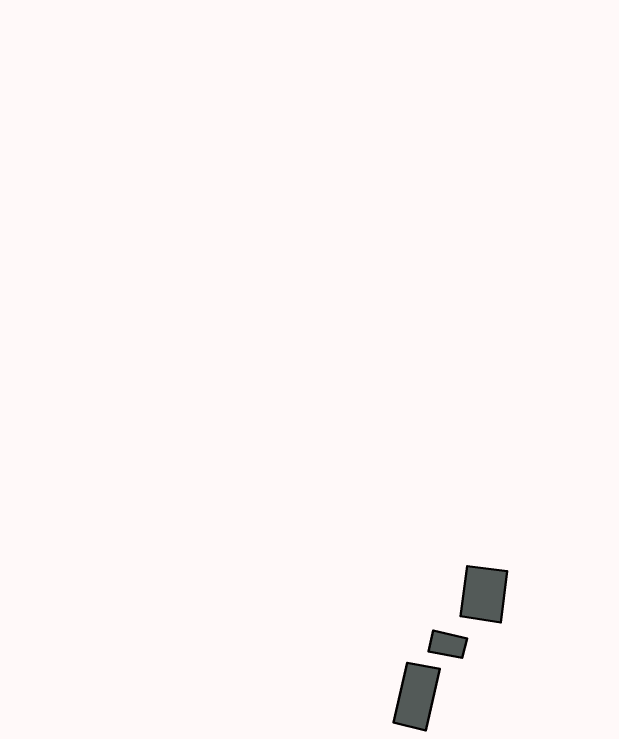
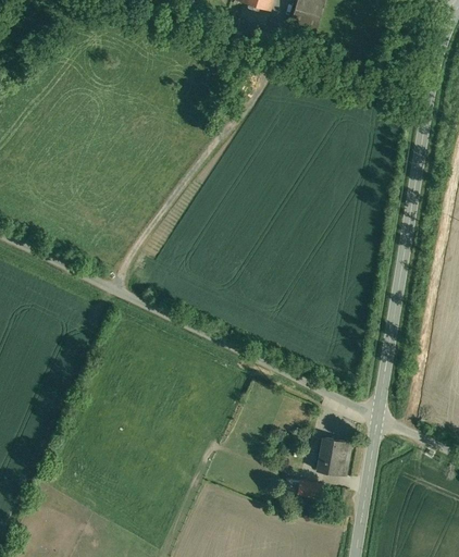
building: [393,663,440,730] -> none

